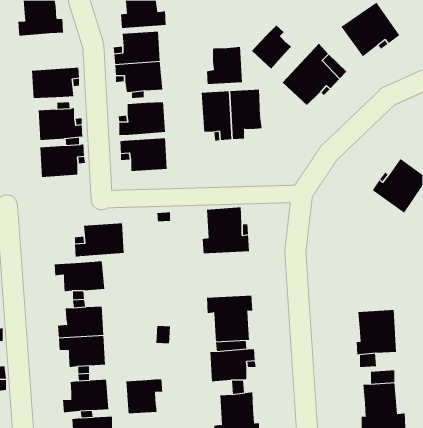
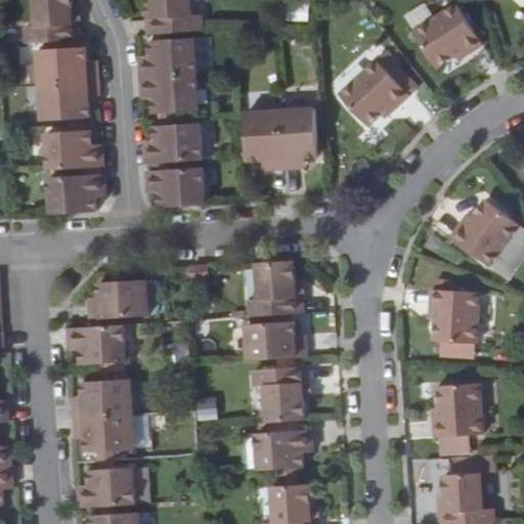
building: [251,24,292,69] -> none
building: none -> [36,48,96,88]
building: [206,46,242,85] -> none
building: none -> [436,286,485,340]
building: none -> [244,316,305,356]
building: [126,378,163,414] -> none

